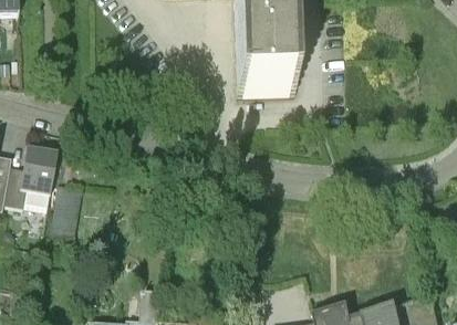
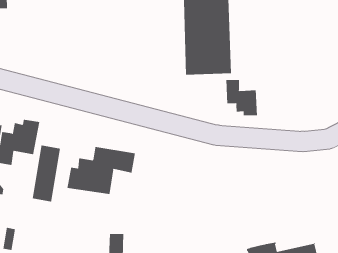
building: none -> [226,79,257,116]
building: none -> [67,146,136,195]

